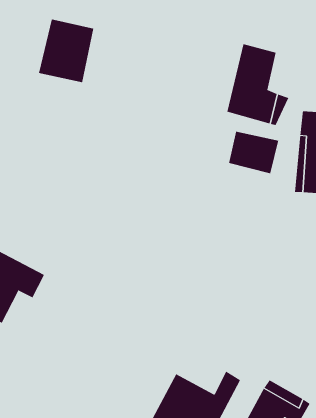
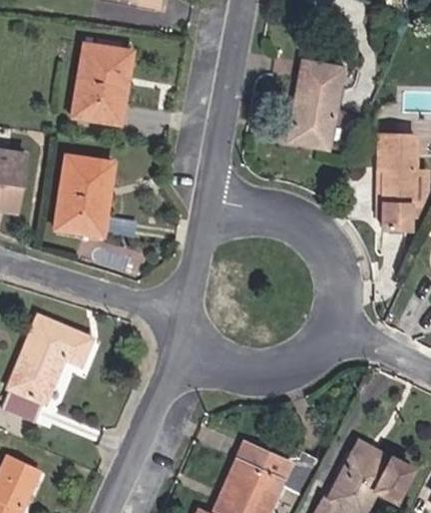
building: none -> [52,152,112,230]
building: [228,131,279,174] -> none

